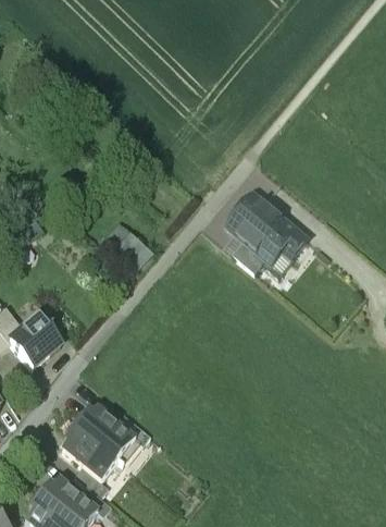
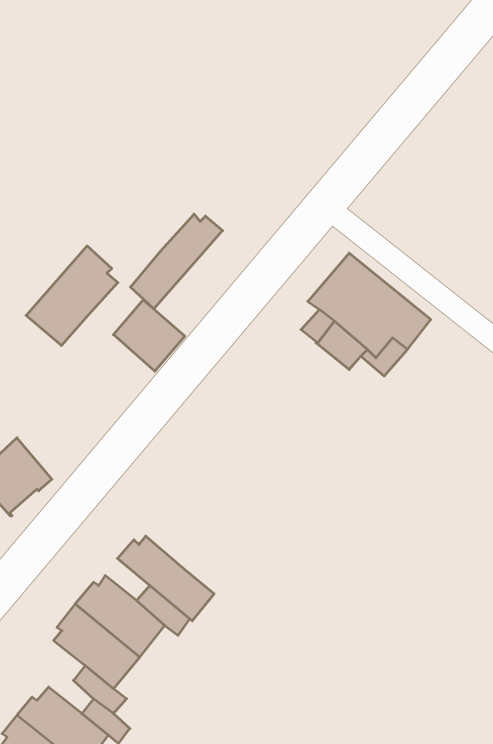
building: none -> [130,214,223,309]
building: none -> [26,246,118,346]
building: none -> [117,536,214,621]

